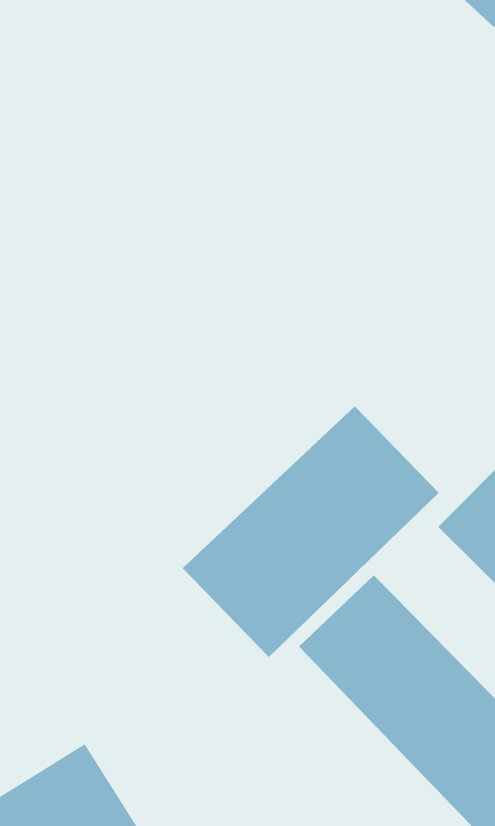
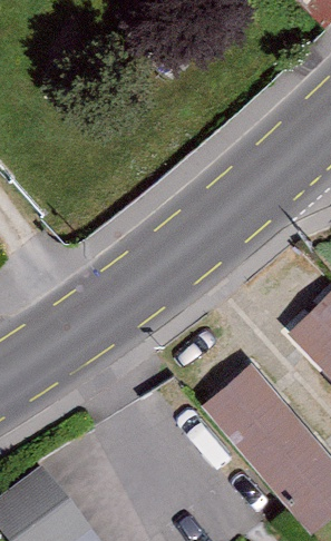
building: [182,405,440,658] -> none

